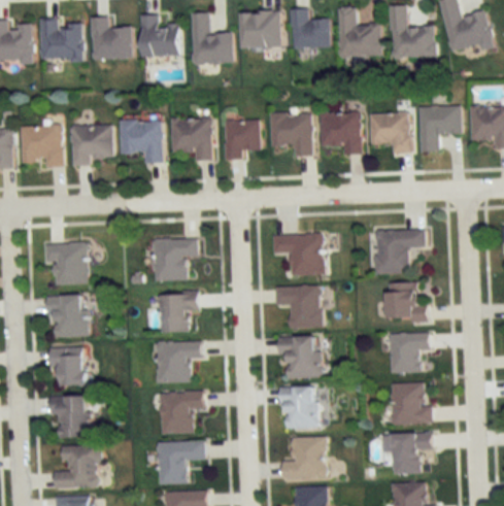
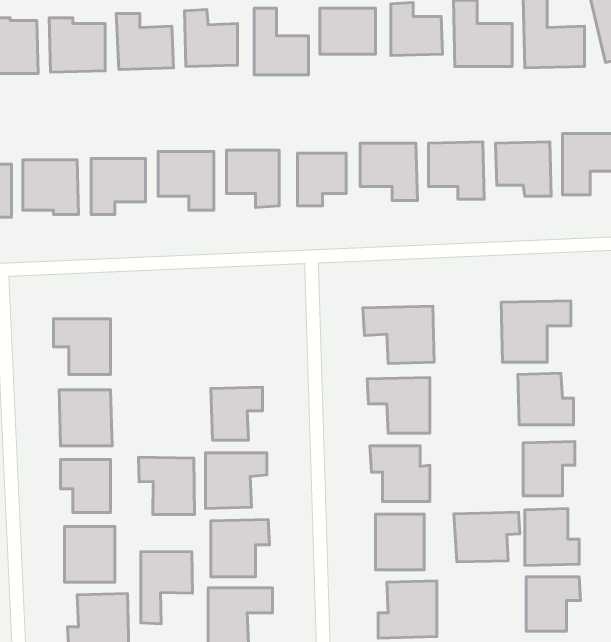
building: [152,238,196,279] -> none
building: none -> [138,457,194,515]
building: none -> [454,512,520,562]
building: none -> [141,551,193,624]

